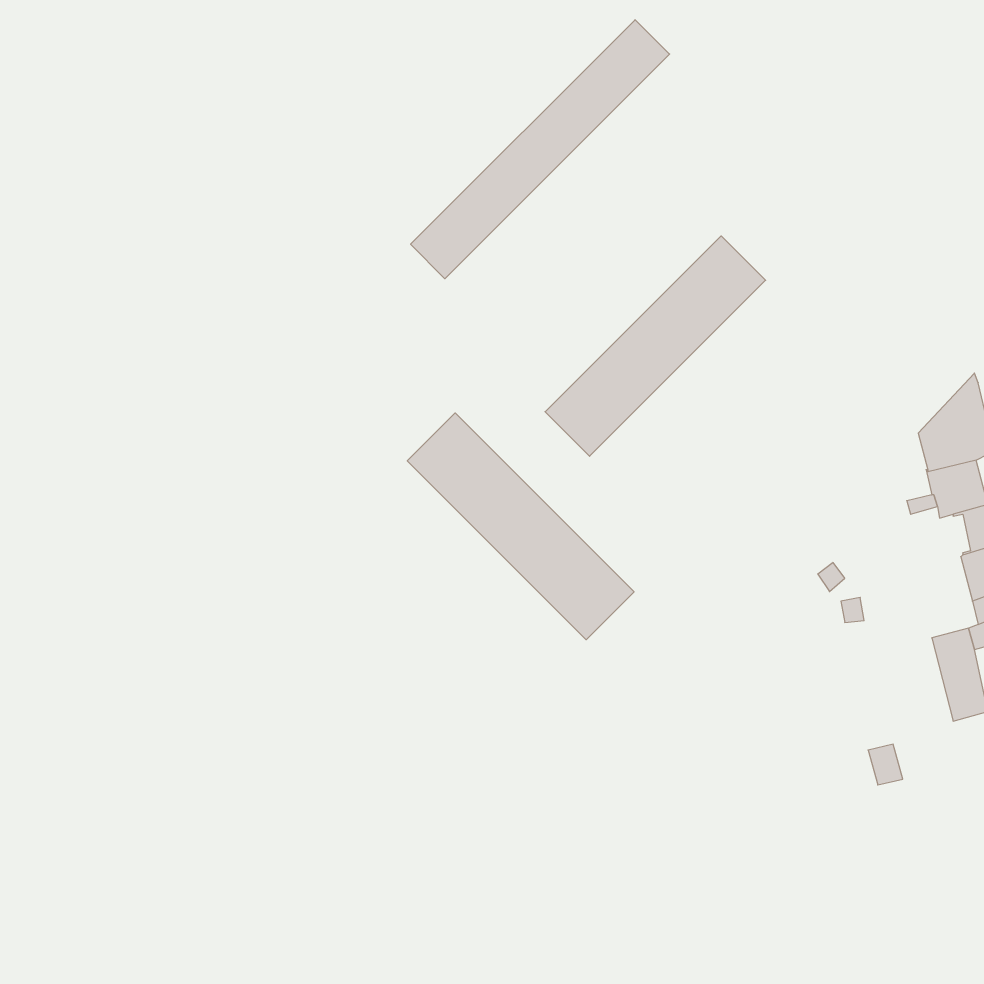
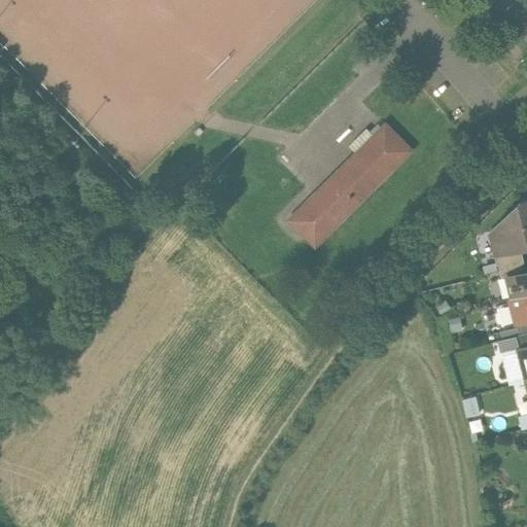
building: [411,20,670,279] -> none
building: [407,413,634,640] -> none

